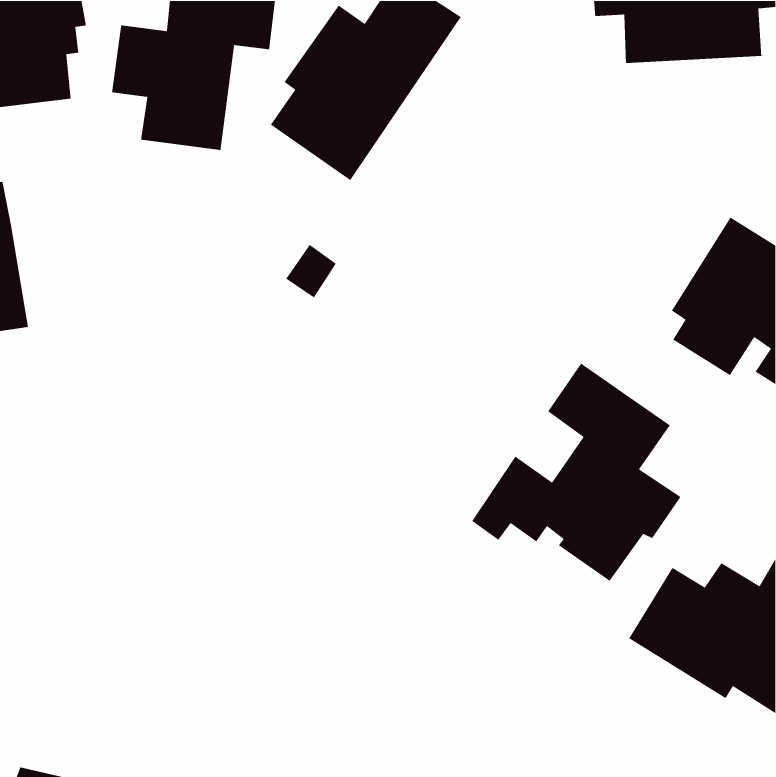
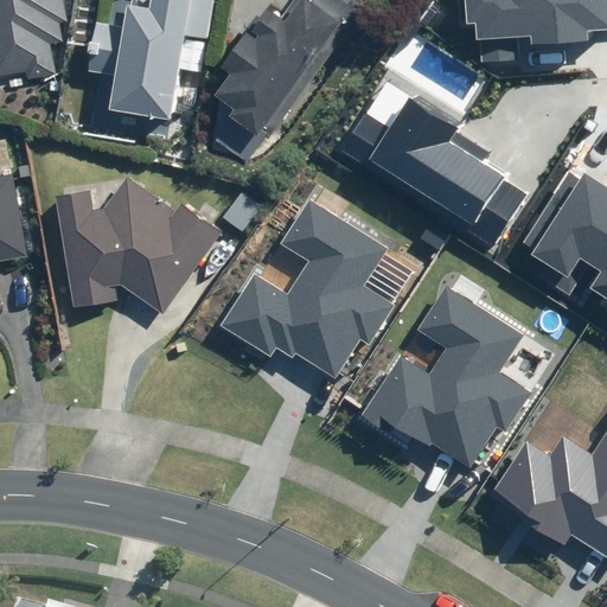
building: none -> [338,100,524,247]
building: none -> [56,179,222,312]
building: none -> [228,197,392,368]

